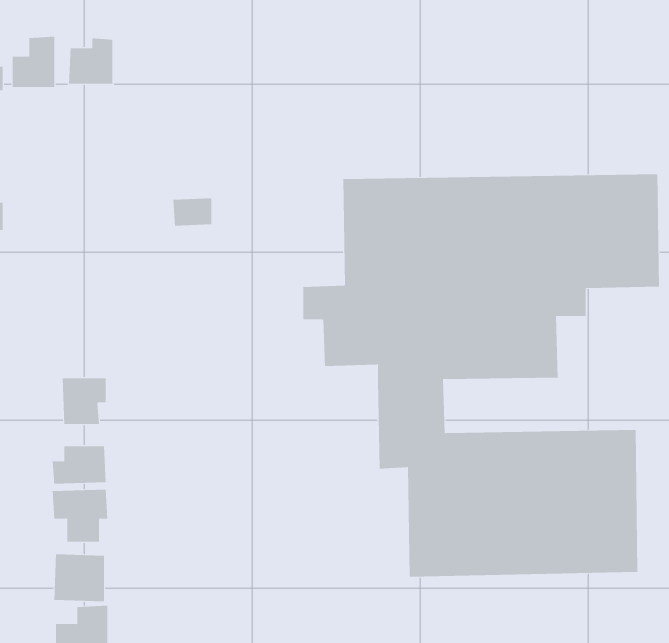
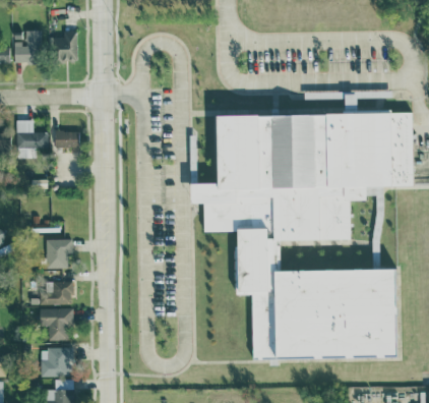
building: none -> [15,119,48,158]
building: [172,198,212,226] -> [54,130,78,148]

